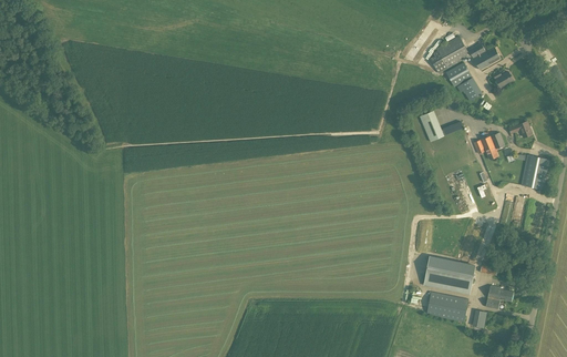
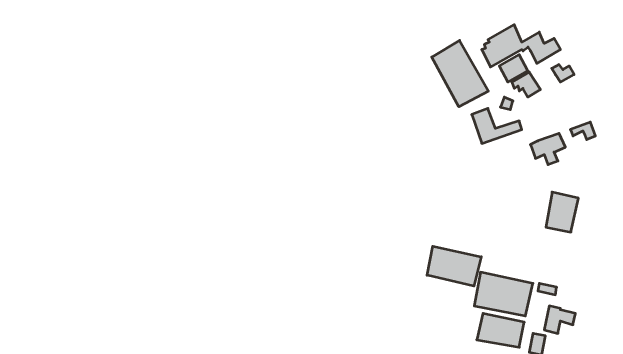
building: none -> [432,40,488,107]
building: [520,154,549,190] -> [546,192,578,232]
building: none -> [427,246,481,286]

